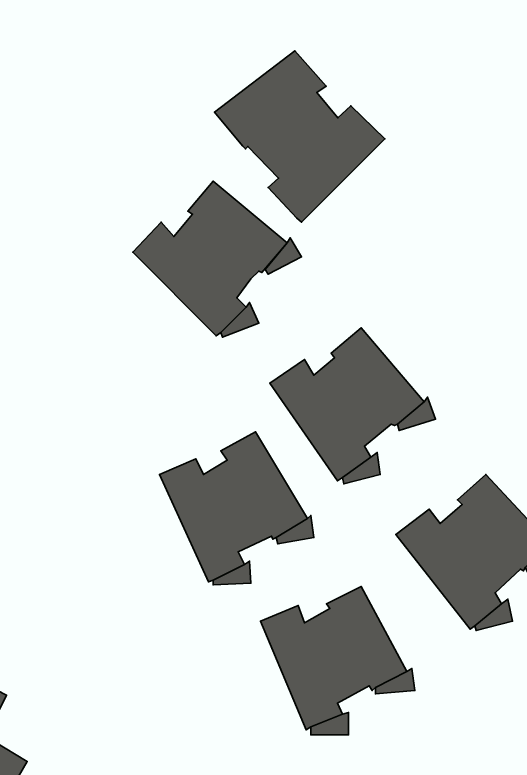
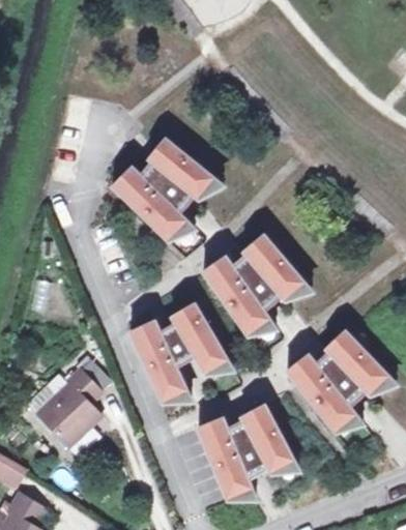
building: [215,51,385,222] -> none
building: none -> [38,364,100,444]

